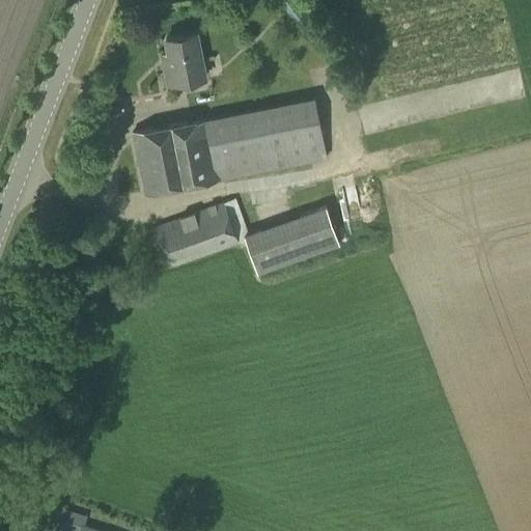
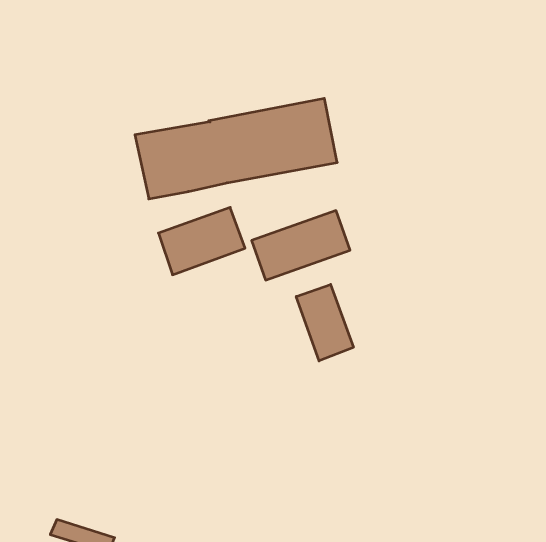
building: [164,35,206,88] -> none
building: none -> [296,284,353,361]

